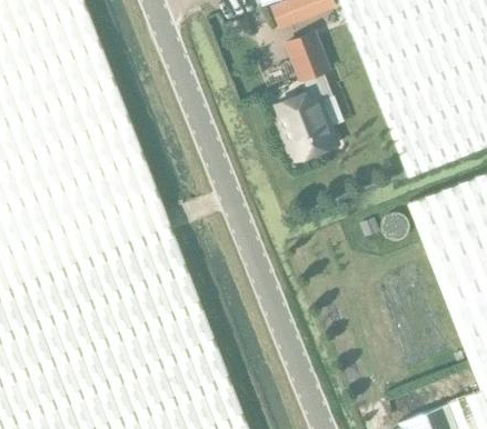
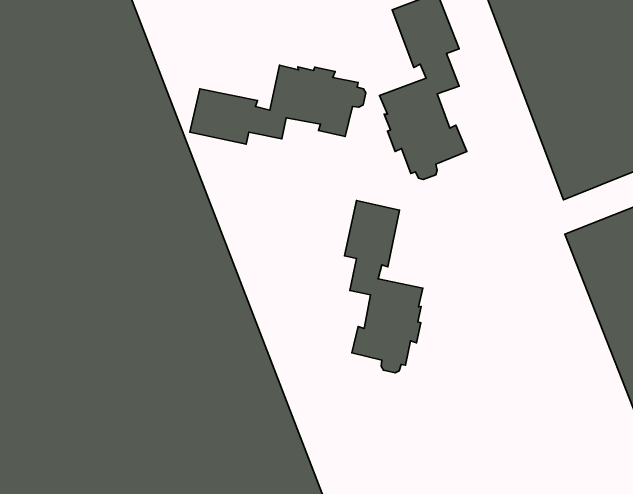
building: none -> [190,65,366,144]
building: none -> [345,200,423,373]

